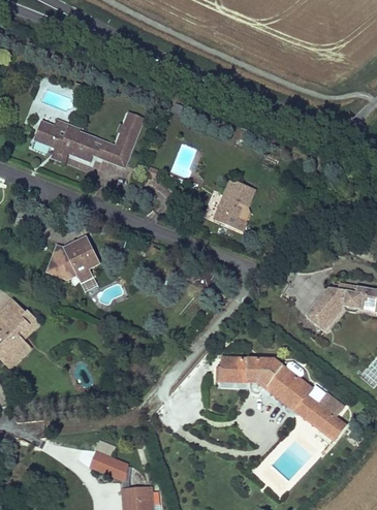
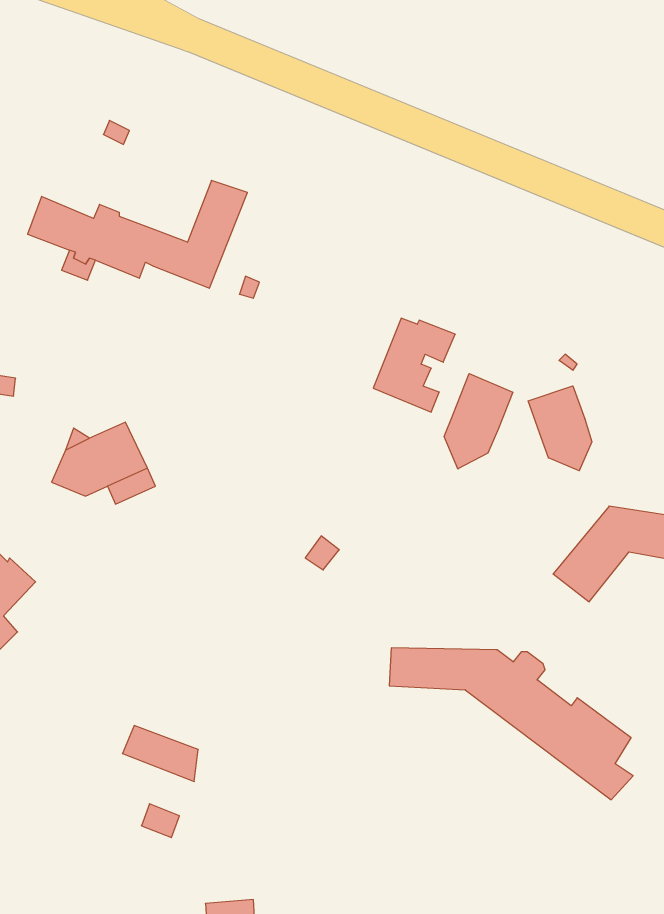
building: none -> [444,374,513,469]
building: none -> [528,386,592,471]
building: [87,451,126,480] -> [122,726,198,782]

